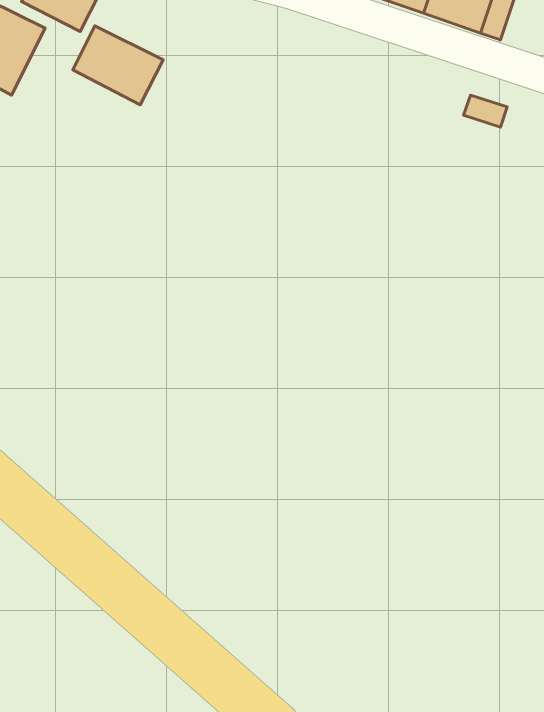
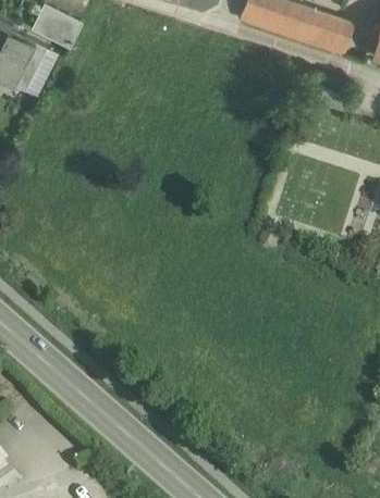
building: [73,26,163,105] -> none

